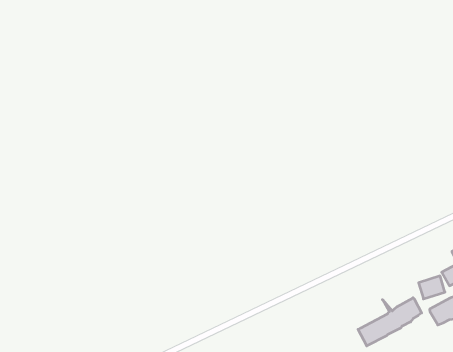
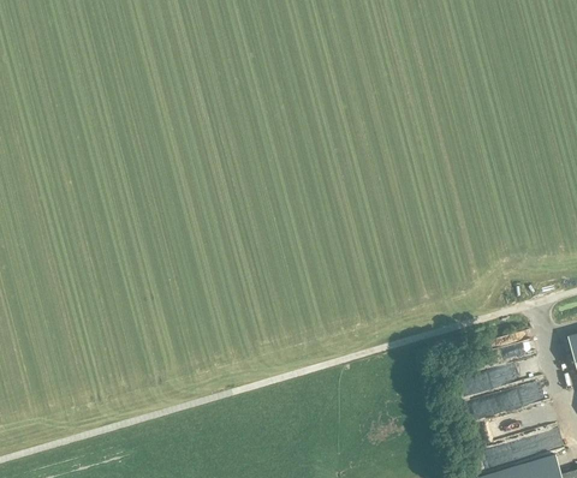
building: [358,298,422,346] -> none

